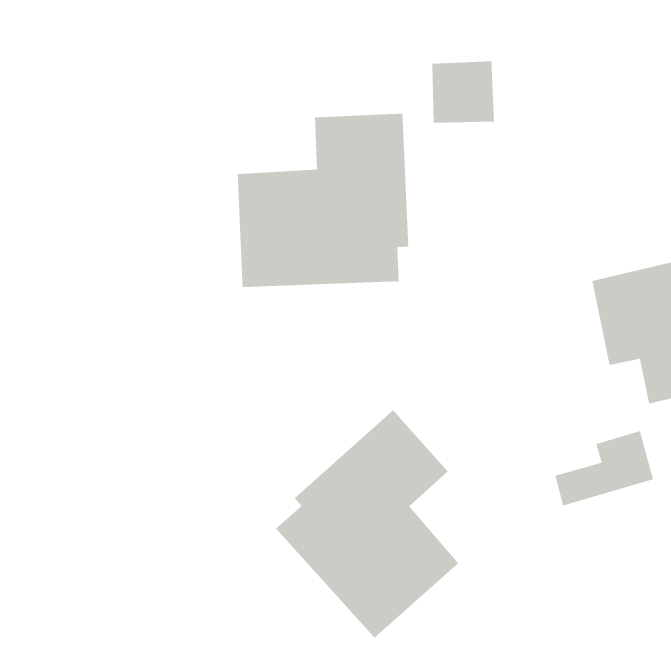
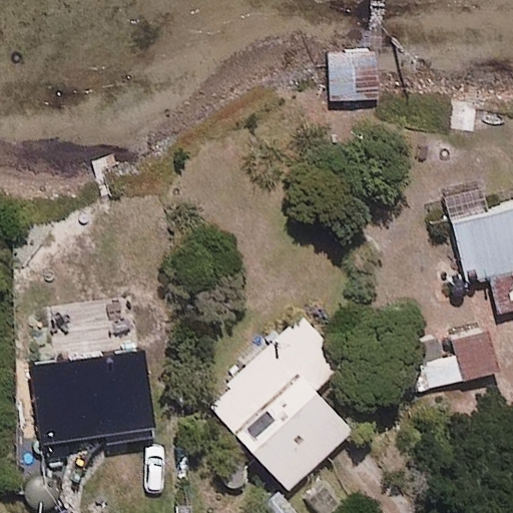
building: [237,113,409,288] -> none
building: none -> [34,383,156,444]

